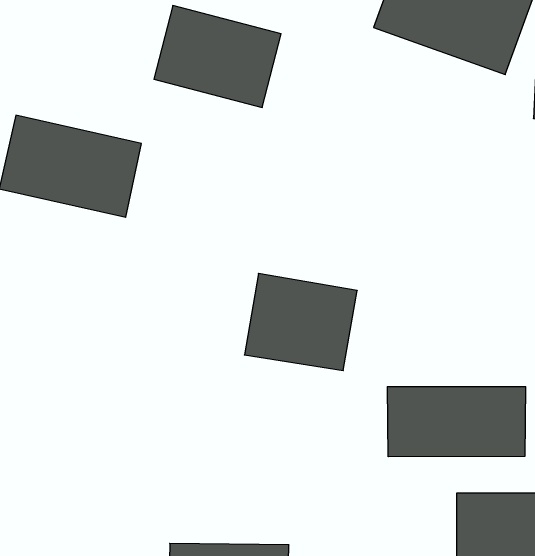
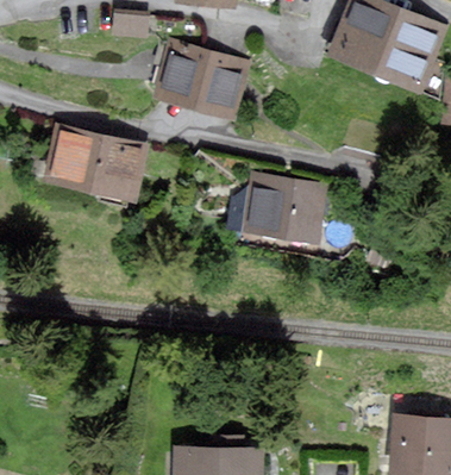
building: [244,273,357,371] -> [248,173,333,246]
building: [387,387,526,457] -> none

